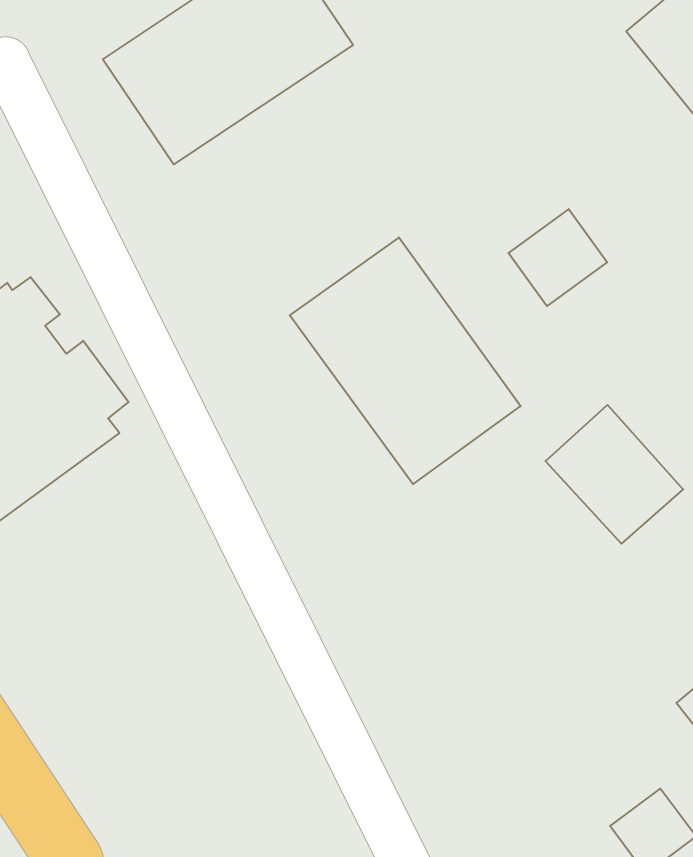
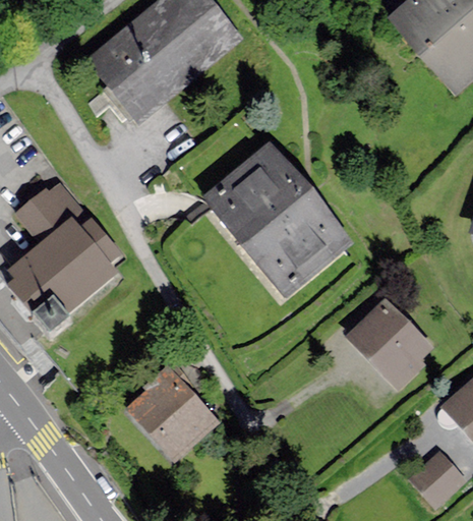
building: [508,209,607,306] -> none
building: [545,405,683,544] -> [351,302,431,382]
building: none -> [128,368,216,458]

